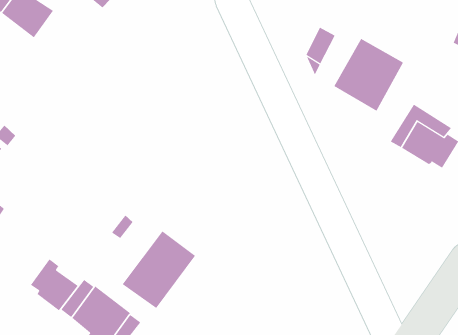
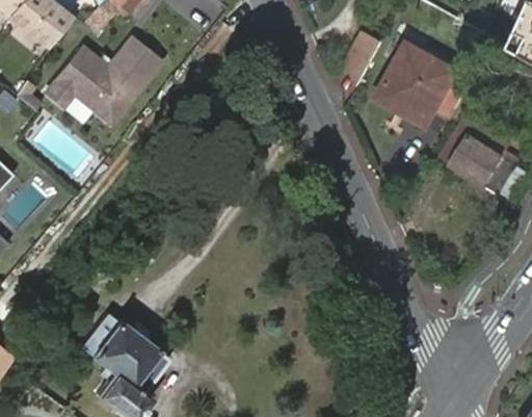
building: none -> [45,40,158,125]
building: [122,231,196,309] -> none
building: [30,259,78,311] -> none

